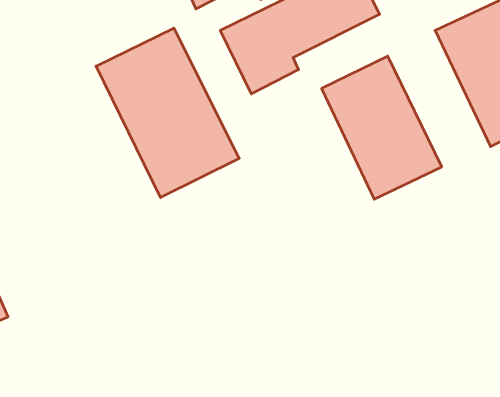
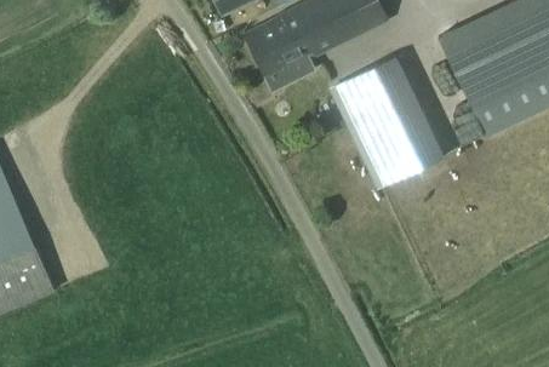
building: [96,28,239,198] -> none

